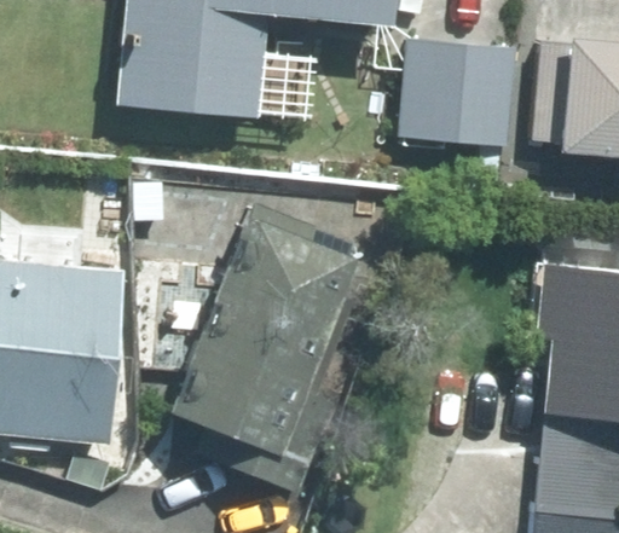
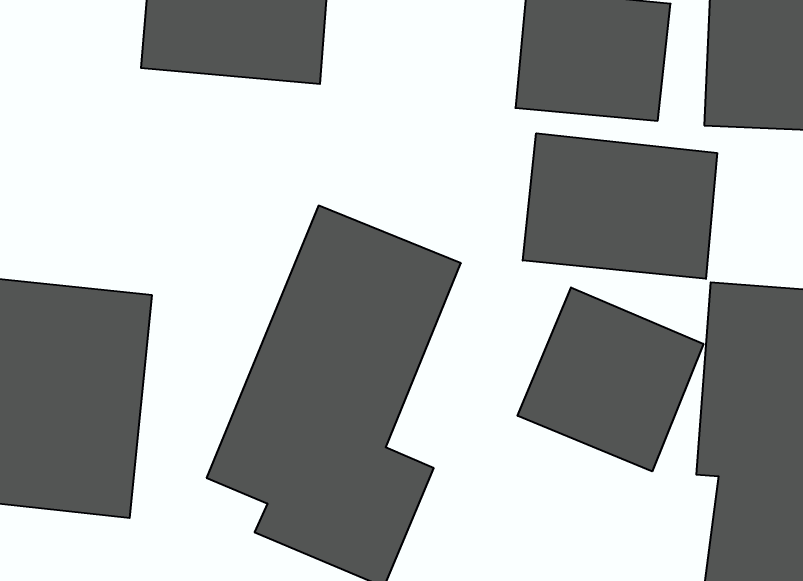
building: none -> [523,133,717,279]
building: none -> [518,287,703,471]

